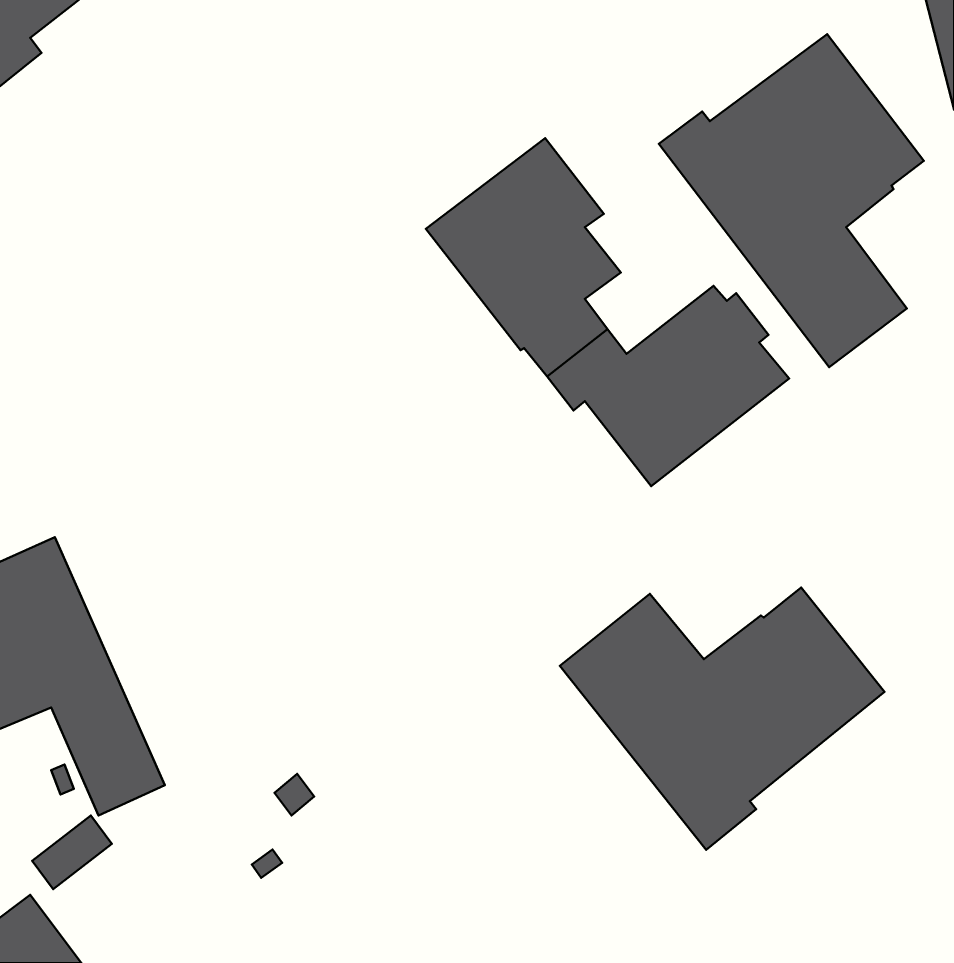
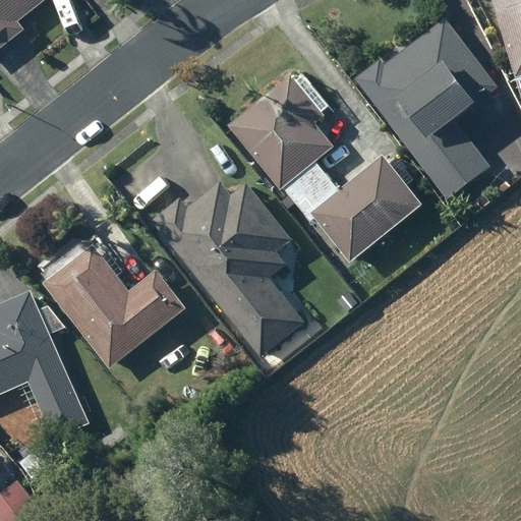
building: none -> [152,181,304,357]
building: none -> [43,244,186,367]
building: [560,588,885,850] -> none

